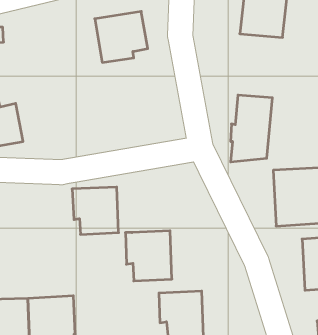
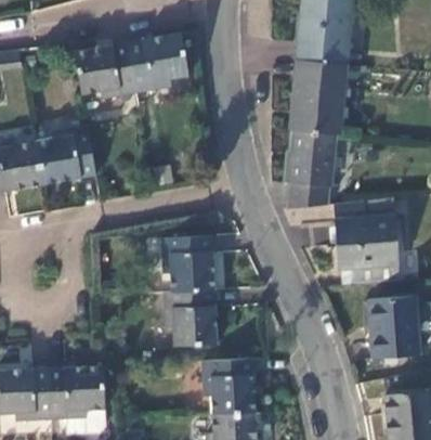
building: none -> [76,42,136,100]
building: none -> [289,60,347,135]
building: none -> [36,125,96,185]
building: [72,187,119,234] -> [161,236,216,292]

